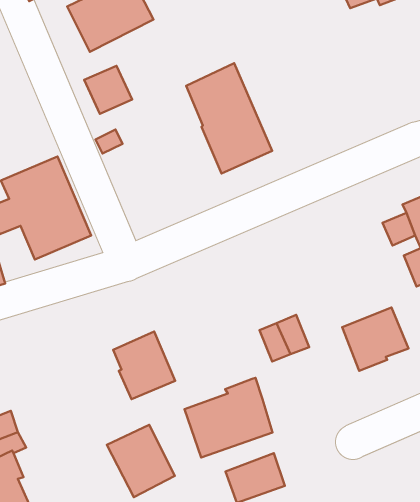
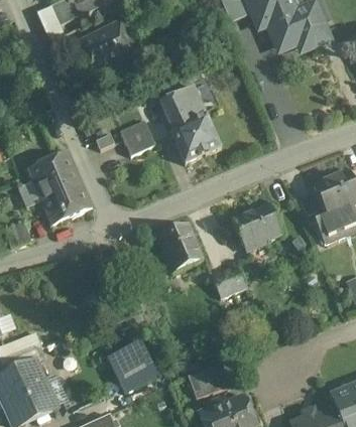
building: [84,66,132,114] -> [121,120,155,154]
building: [342,307,409,371] -> [234,203,281,249]
building: [113,331,175,399] -> [158,223,203,271]
building: [185,378,272,458] -> none

